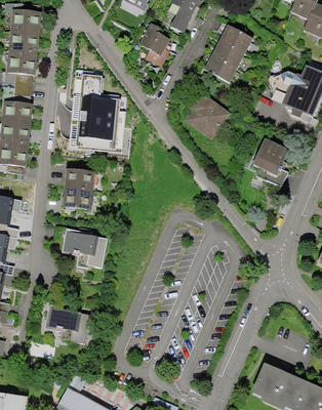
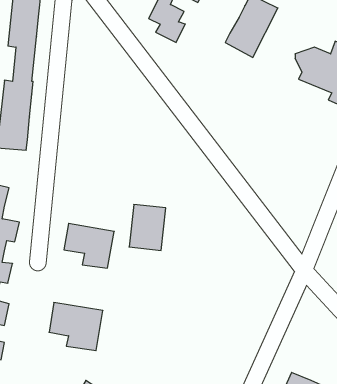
building: [69,69,125,152] -> none
building: [187,94,228,136] -> none
building: [249,138,288,190] -> none
building: [63,167,95,208] -> [129,205,166,250]

